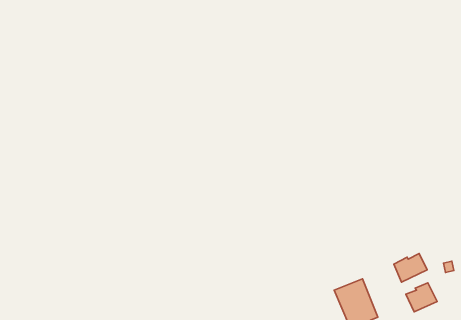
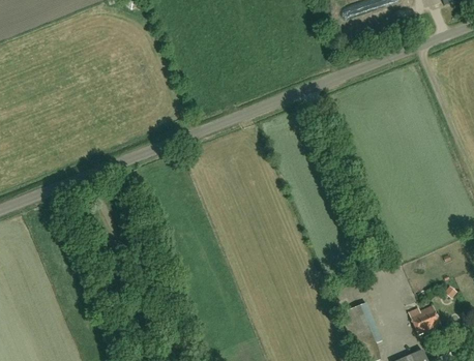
building: [394,253,427,282] -> none

